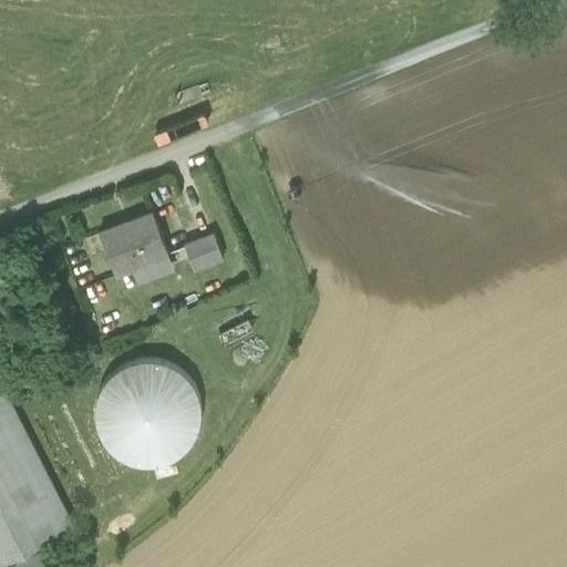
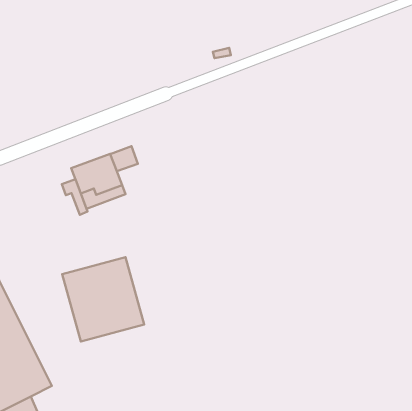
building: [183,236,220,270] -> [110,146,138,171]
building: none -> [62,179,88,215]

